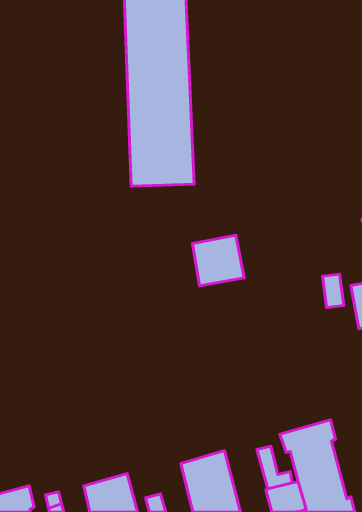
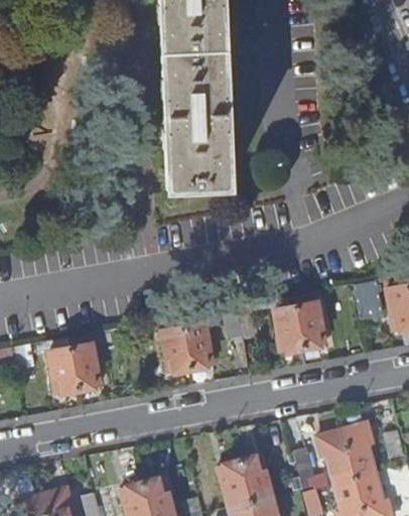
building: [192,235,244,286] -> [275,302,326,353]
building: none -> [161,324,214,374]
building: none -> [49,344,102,395]

